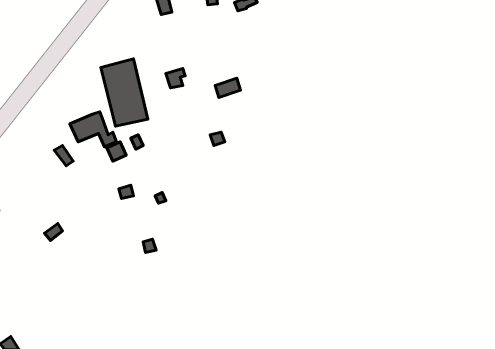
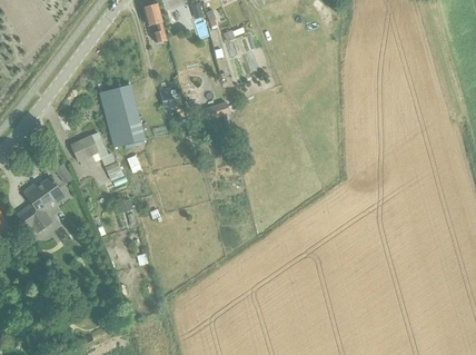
building: none -> [17,176,63,230]

